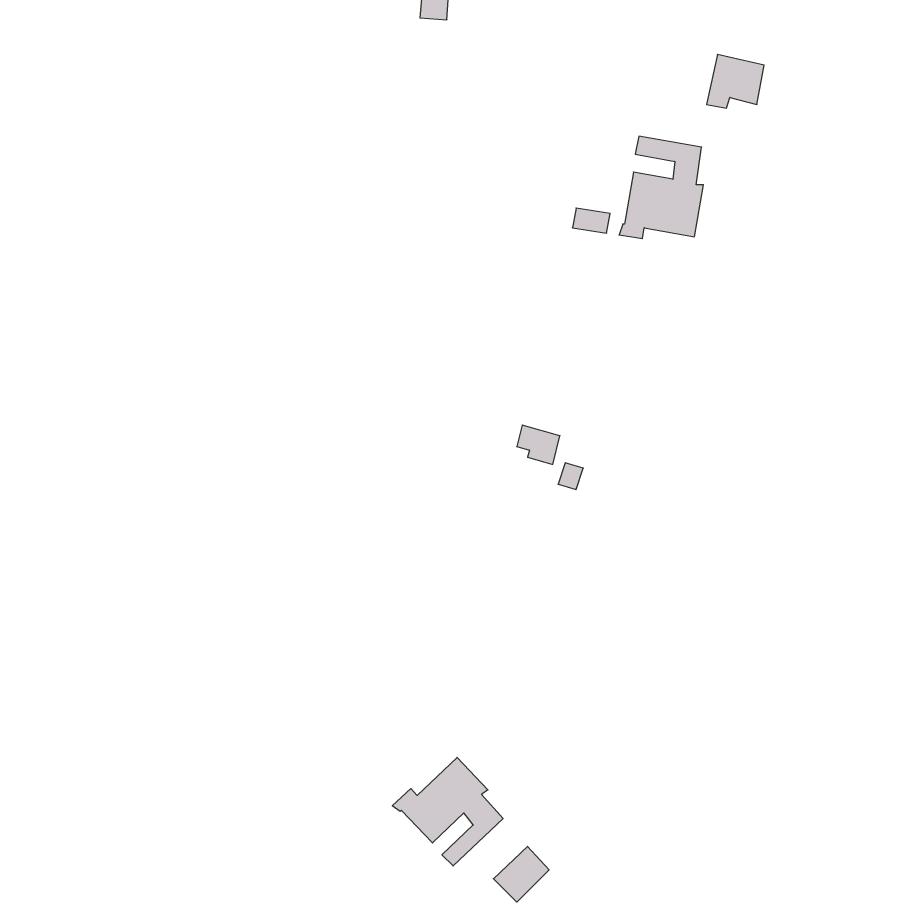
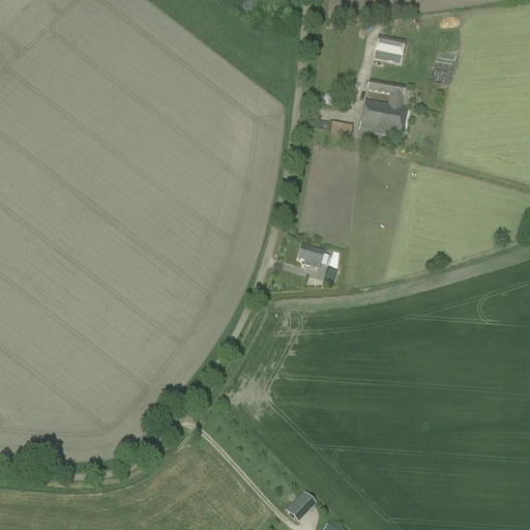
building: [707,54,764,108] -> [372,34,405,65]
building: [392,757,503,866] -> none

